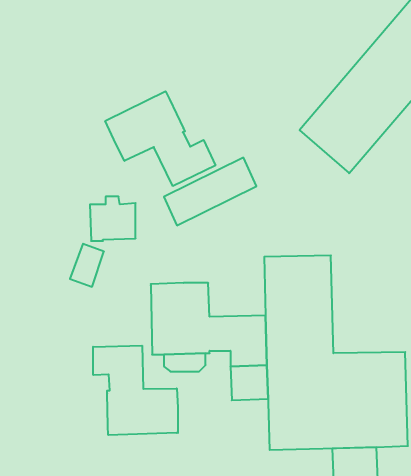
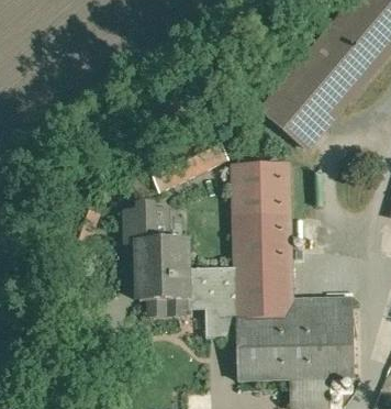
building: [105,91,215,186] -> none
building: none -> [230,164,287,217]
building: [90,197,136,241] -> [124,203,163,241]
building: [93,346,178,435] -> none

